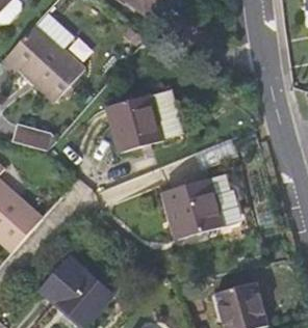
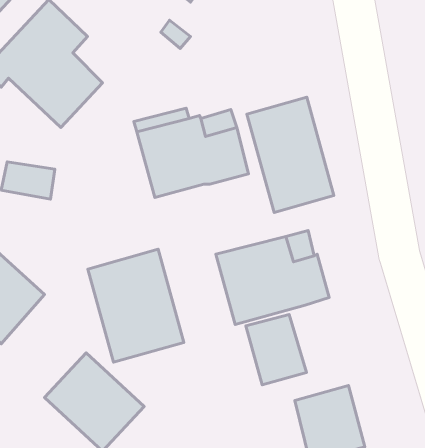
building: none -> [247,97,334,213]
building: none -> [88,249,184,362]
building: none -> [246,314,307,385]

